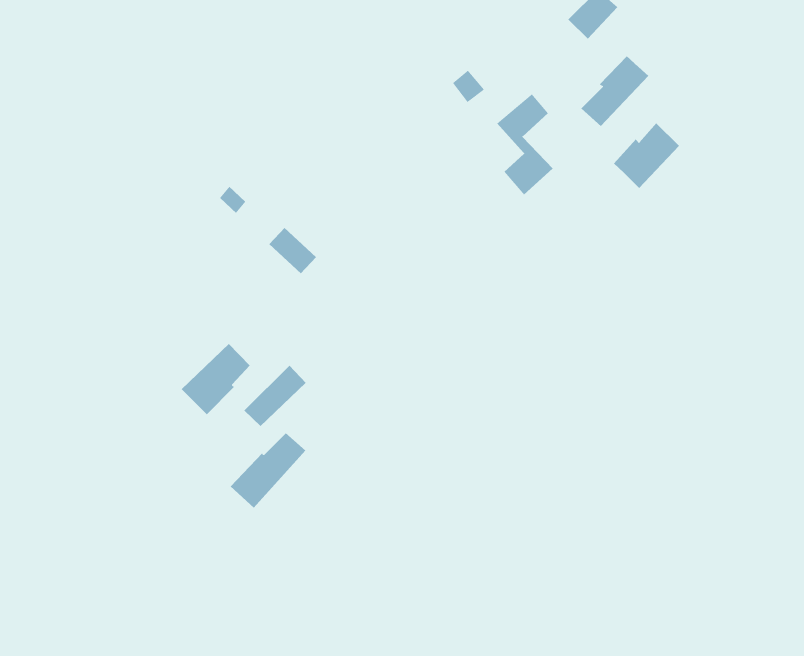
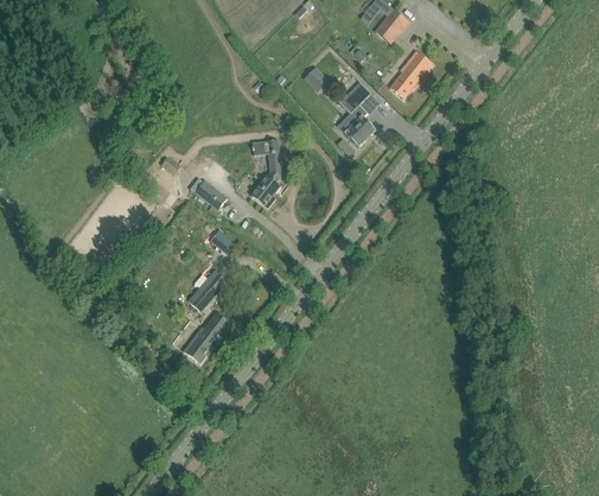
building: [613,123,680,189] -> none
building: none -> [250,150,281,208]
building: [181,343,250,415] -> none

